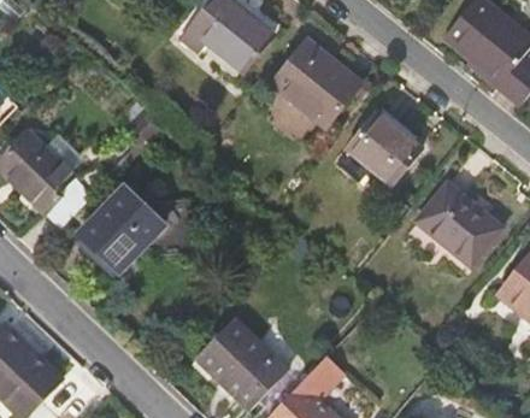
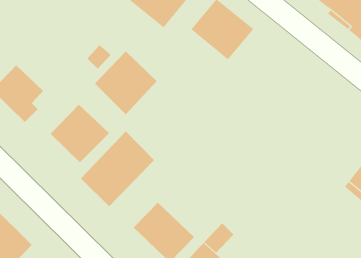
building: [355,111,429,182] -> none
building: none -> [94,51,158,115]
building: [425,183,507,263] -> none
building: none -> [80,131,155,207]

